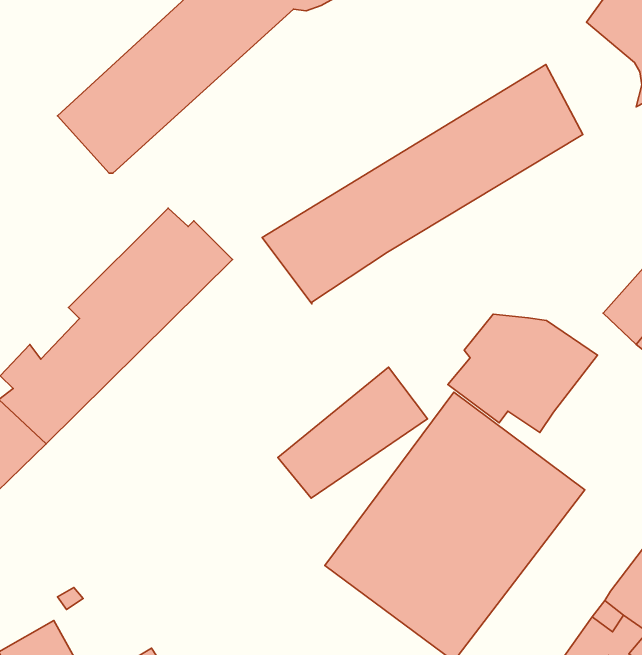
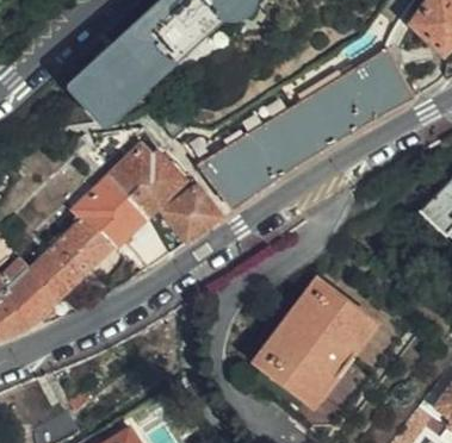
building: [448,314,598,433] -> none
building: [278,367,427,498] -> [126,182,223,267]

